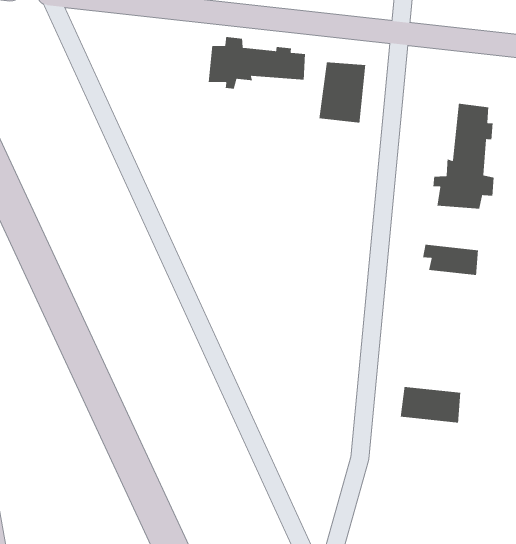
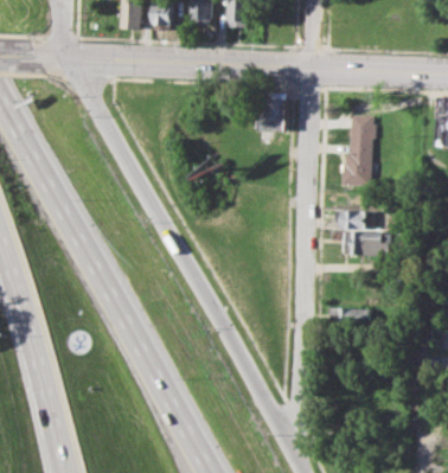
building: [208,36,306,90] -> none
building: none -> [341,232,378,255]

